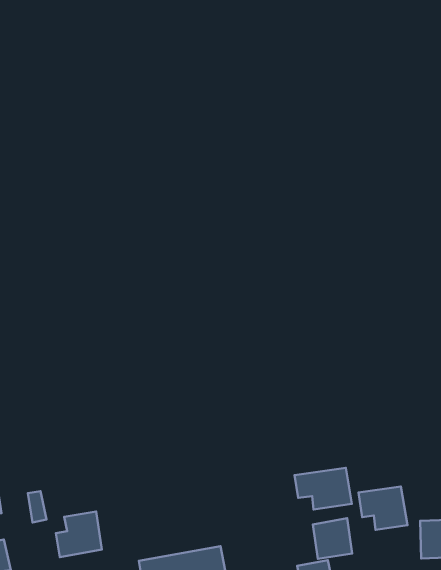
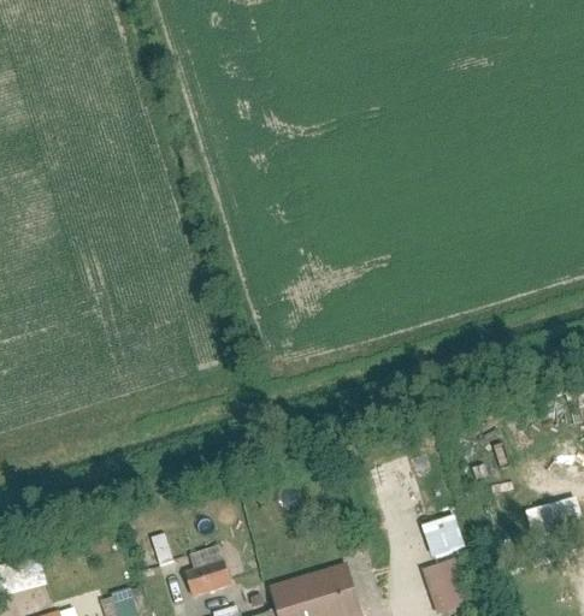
building: [295,468,352,510] -> none
building: [358,487,407,530] -> none

